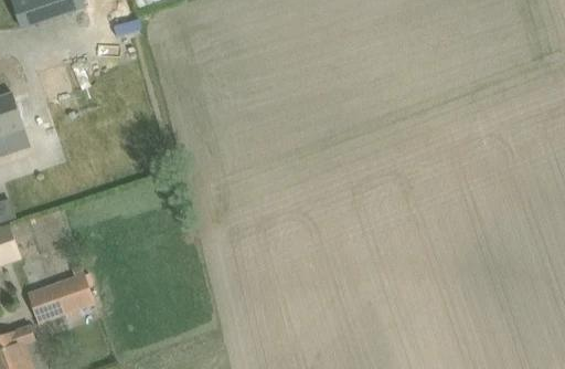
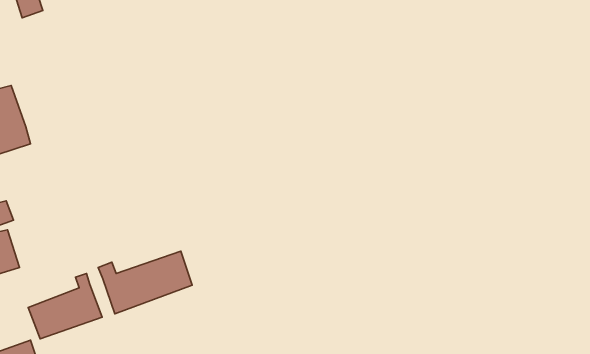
building: none -> [98,251,192,314]

